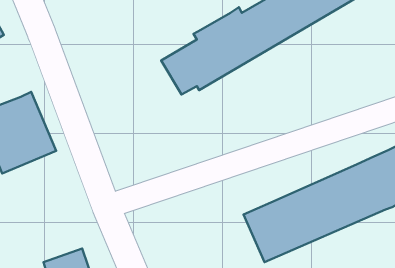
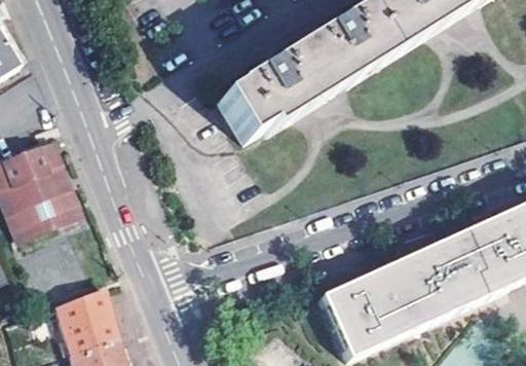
building: none -> [52,285,117,353]

